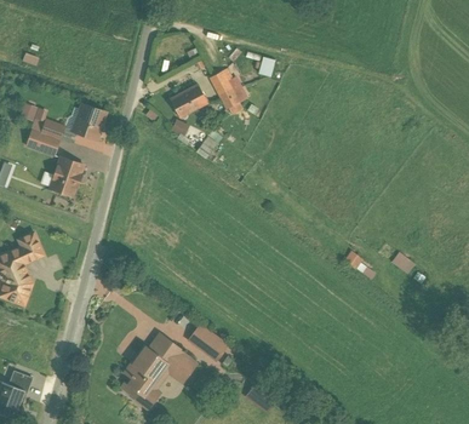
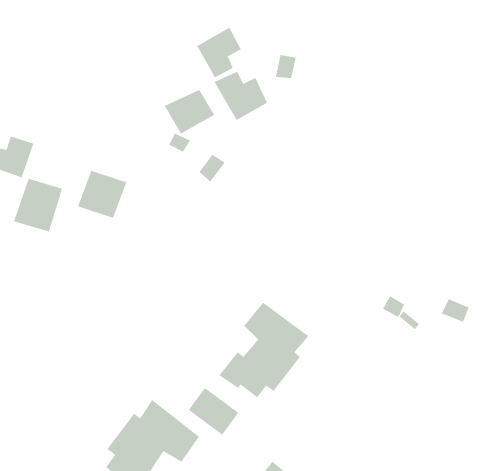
building: none -> [196,27,241,78]
building: [68,103,108,142] -> [77,170,127,218]
building: none -> [218,302,309,398]

